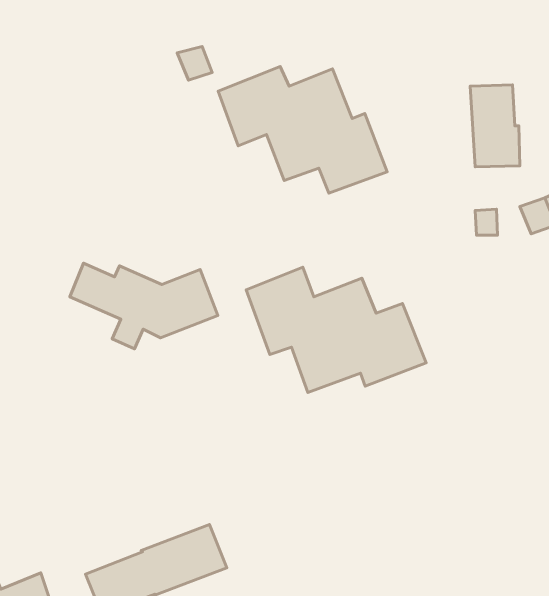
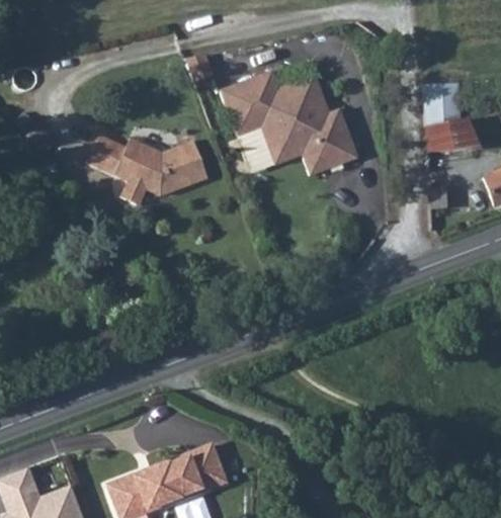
building: [70,263,218,349] -> [88,137,208,206]
building: [246,267,426,392] -> none

